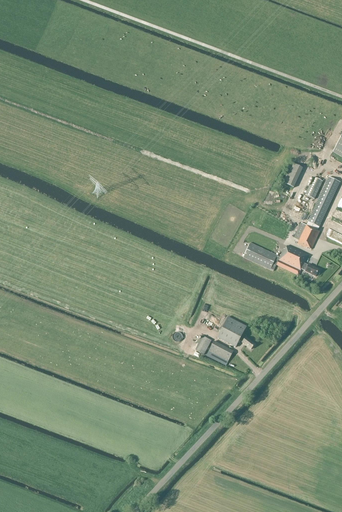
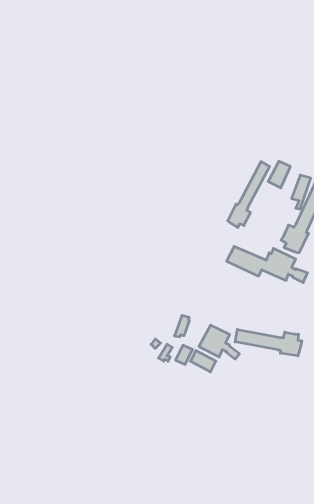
building: none -> [228,162,270,228]
building: none -> [235,329,302,356]

